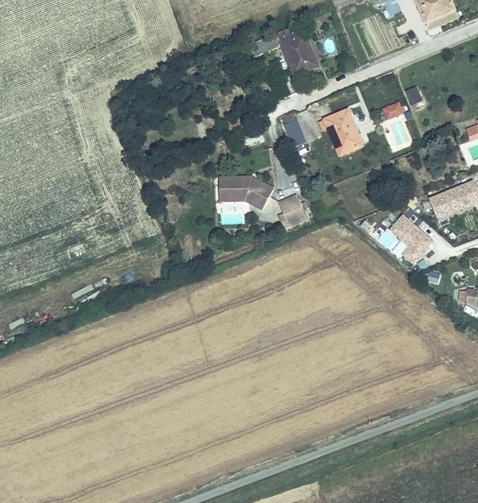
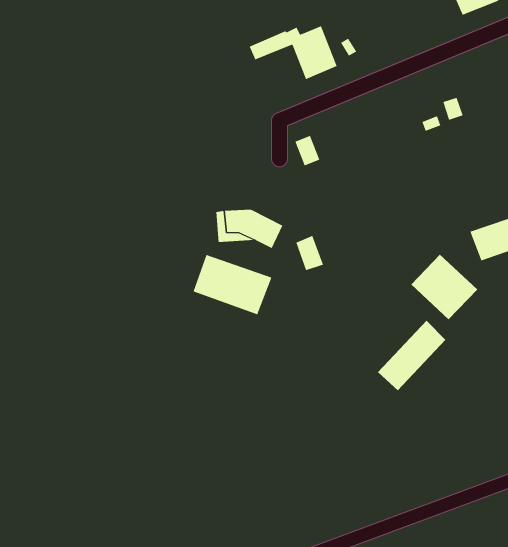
building: [323,108,360,152] -> none
building: none -> [193,254,272,315]
building: none -> [377,320,446,391]

